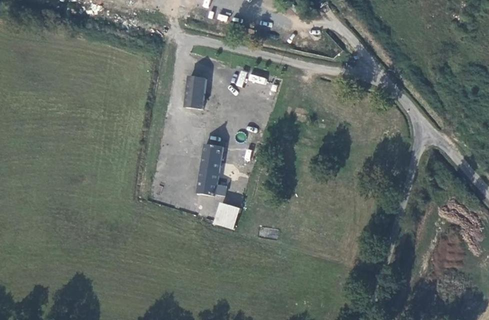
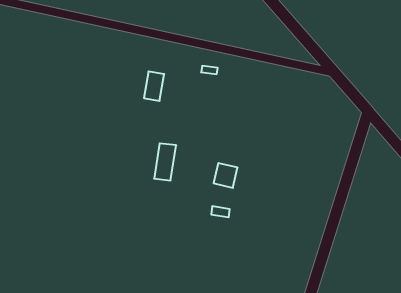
building: [212,200,238,227] -> [214,163,238,188]

